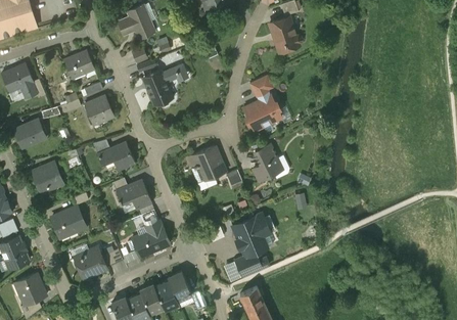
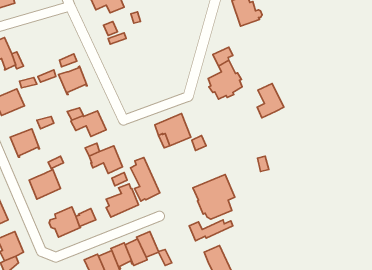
building: [64,50,95,78] -> none
building: [145,63,186,105] -> none
building: [254,143,282,180] -> [257,84,284,118]
building: none -> [130,157,160,201]

